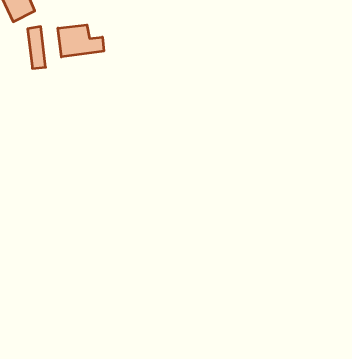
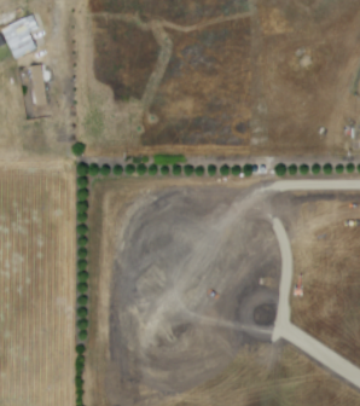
building: [58,25,104,57] -> none

